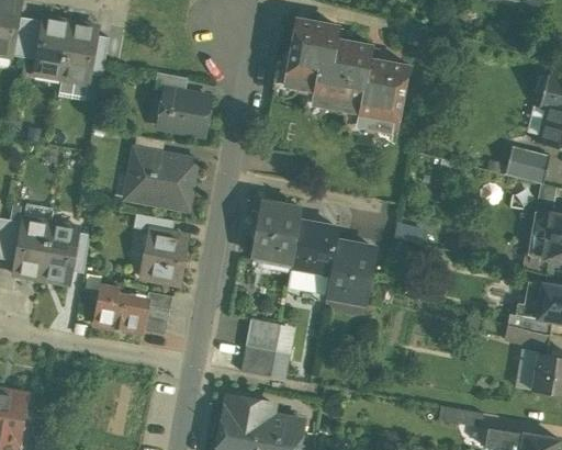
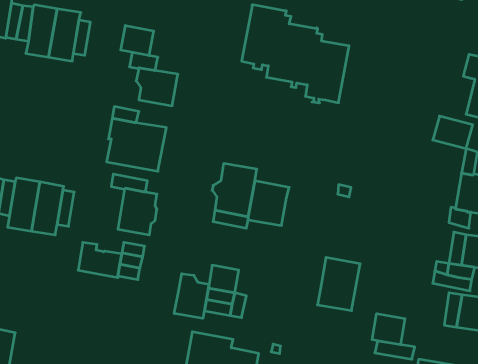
building: none -> [121,25,154,56]
building: [325,240,374,302] -> [317,257,360,311]
building: none -> [174,274,209,318]
building: none -> [372,314,405,345]

